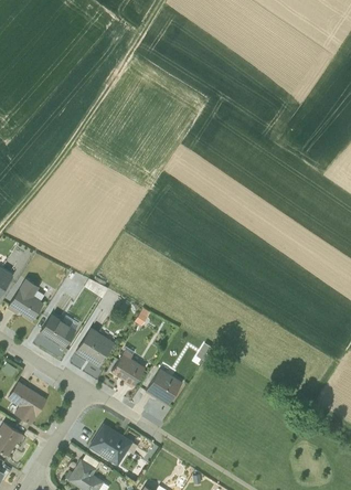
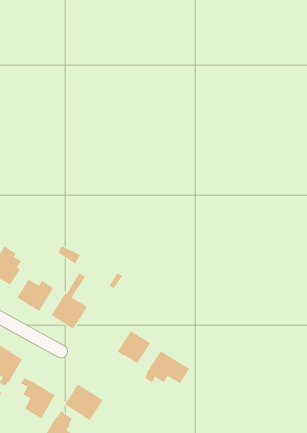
building: [110,347,145,387] -> none
building: none -> [144,351,190,384]
building: none -> [20,377,55,419]

